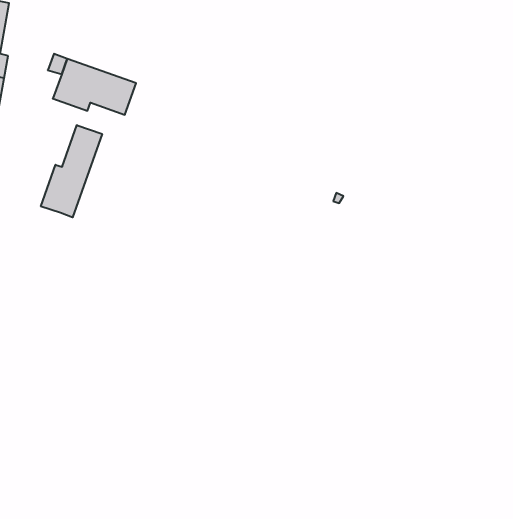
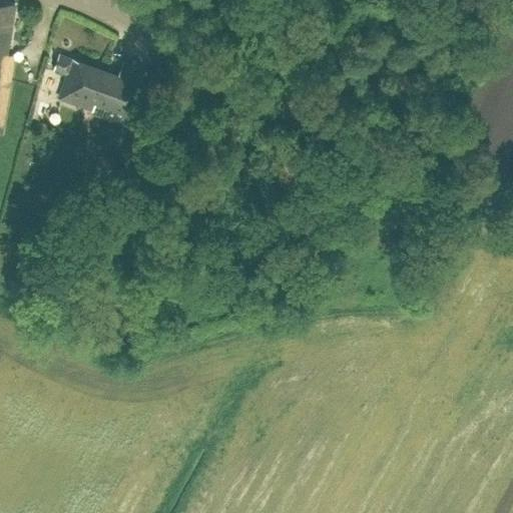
building: [41,125,102,217] -> none

